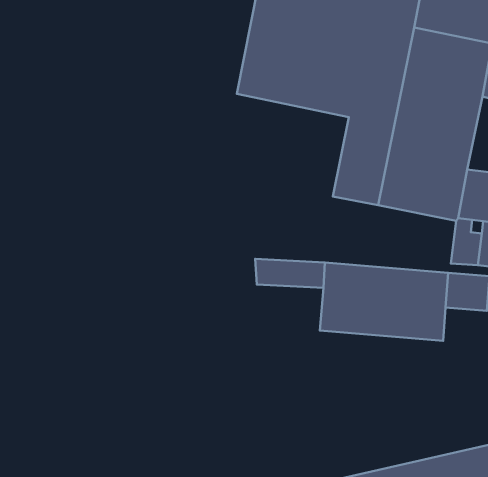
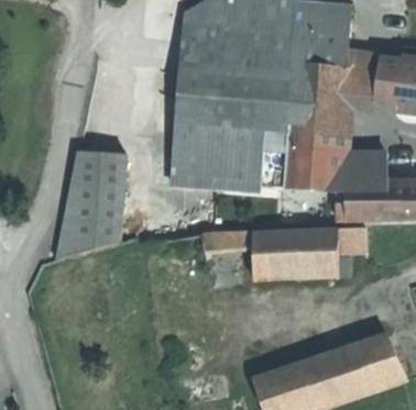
building: none -> [169,122,254,187]
building: none -> [55,148,124,258]

